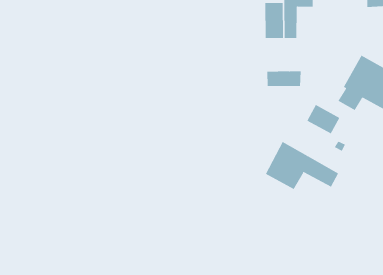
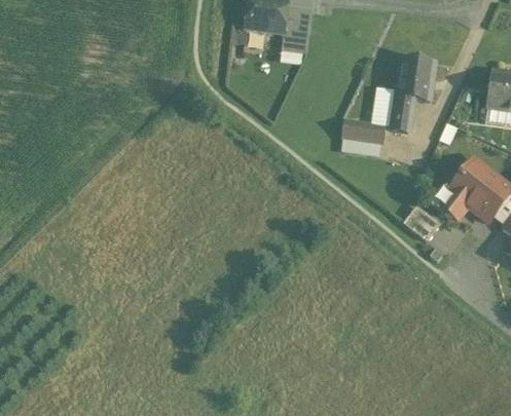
building: [267,71,302,87] -> [344,122,385,144]
building: [265,141,339,190] -> none

